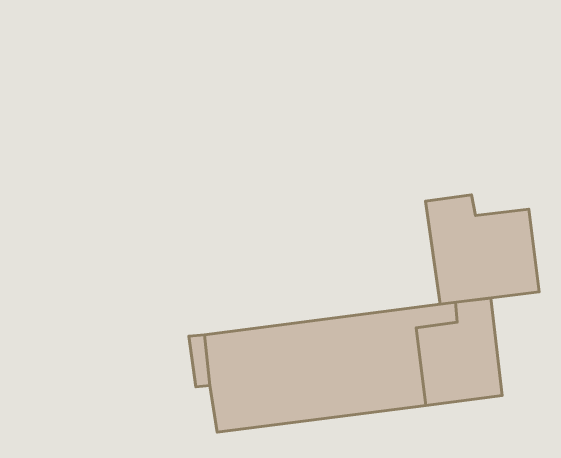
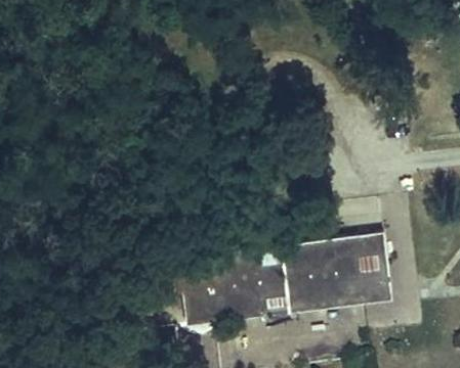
building: [426,195,539,304] -> none

